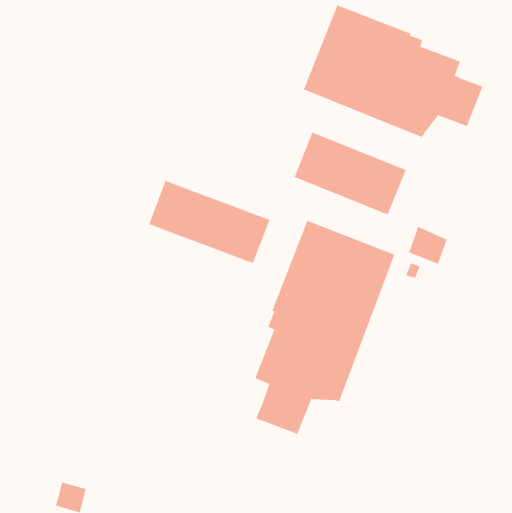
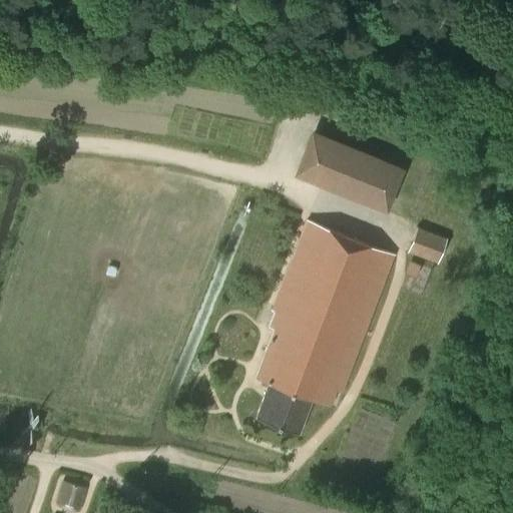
building: [303,4,483,138] -> none
building: [148,180,270,264] -> none

